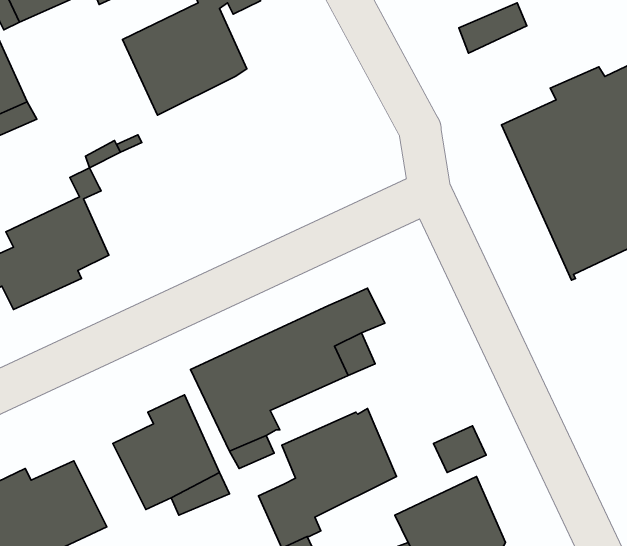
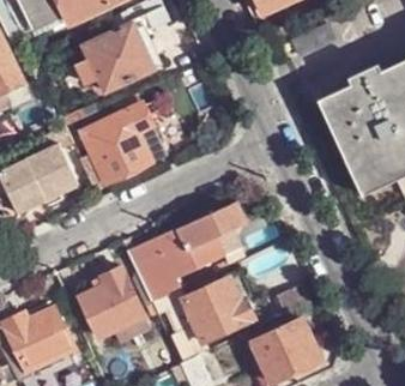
building: none -> [69,99,177,188]

